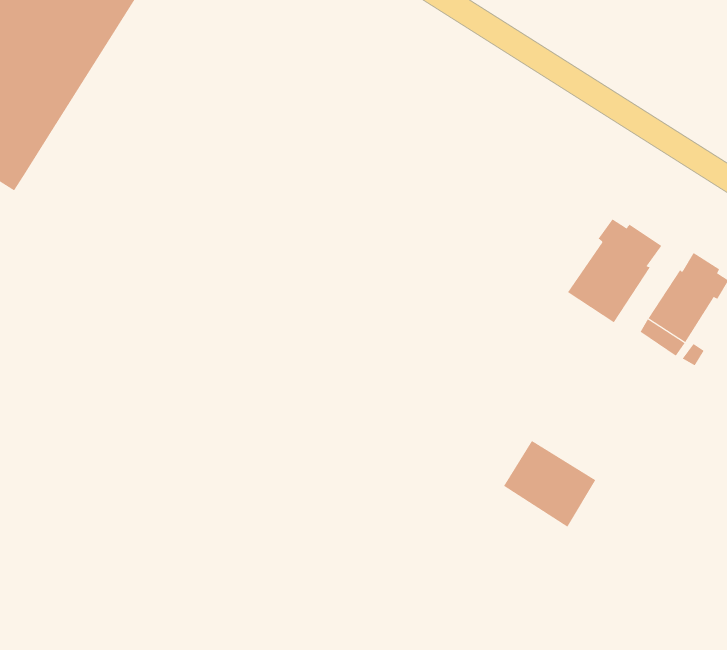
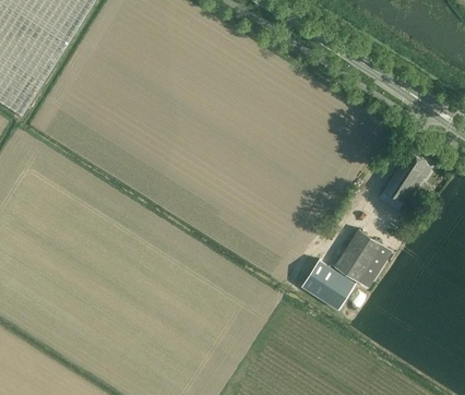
building: [567,218,662,323] -> none
building: none -> [335,228,393,288]

